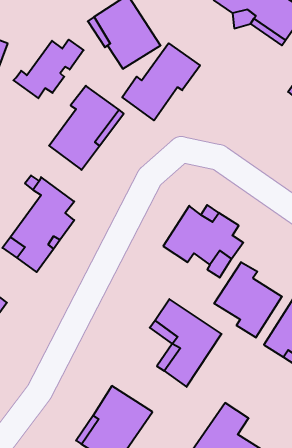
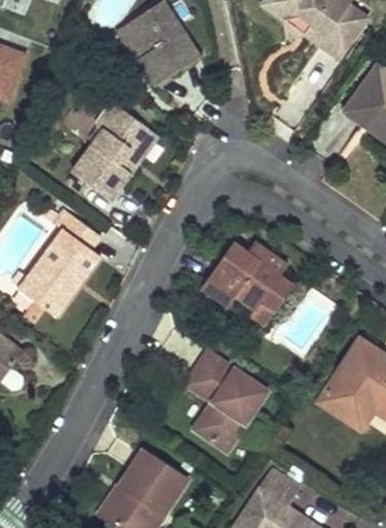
building: [13,40,84,98] -> none
building: [122,43,200,120] -> none
building: [214,262,282,338] -> none

